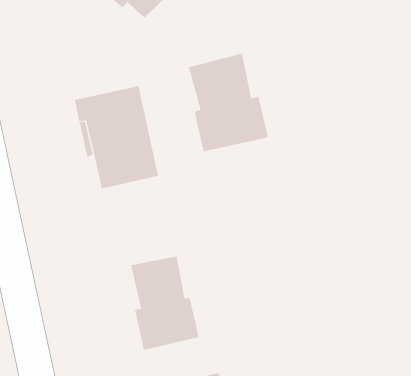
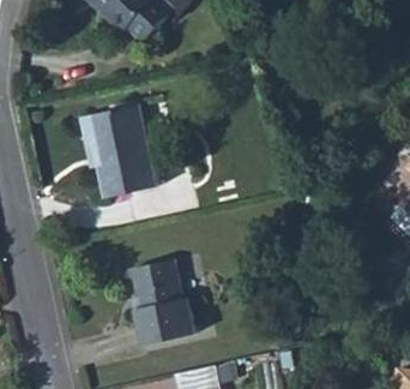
building: [188,53,268,152] -> none

